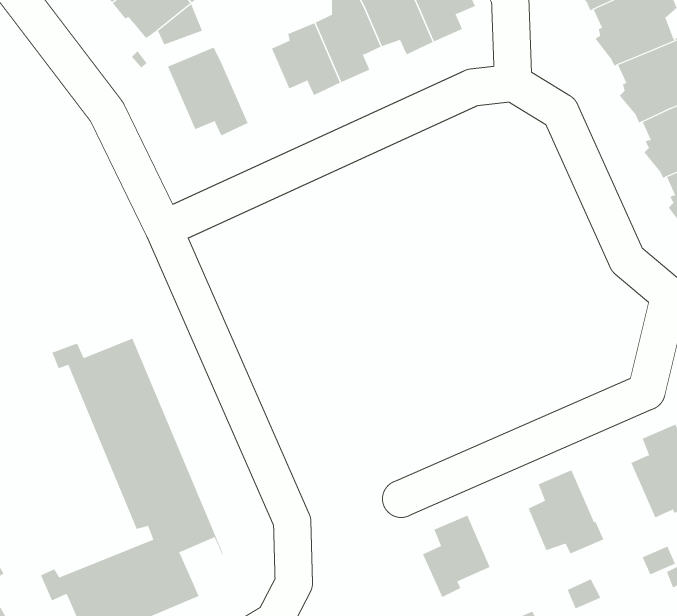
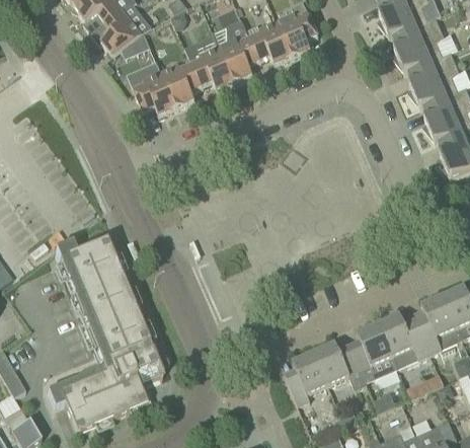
building: none -> [160,61,202,107]
building: none -> [378,314,429,367]
building: none -> [313,343,367,388]

